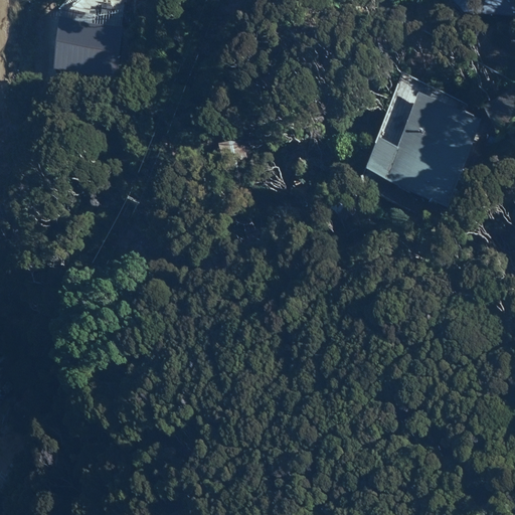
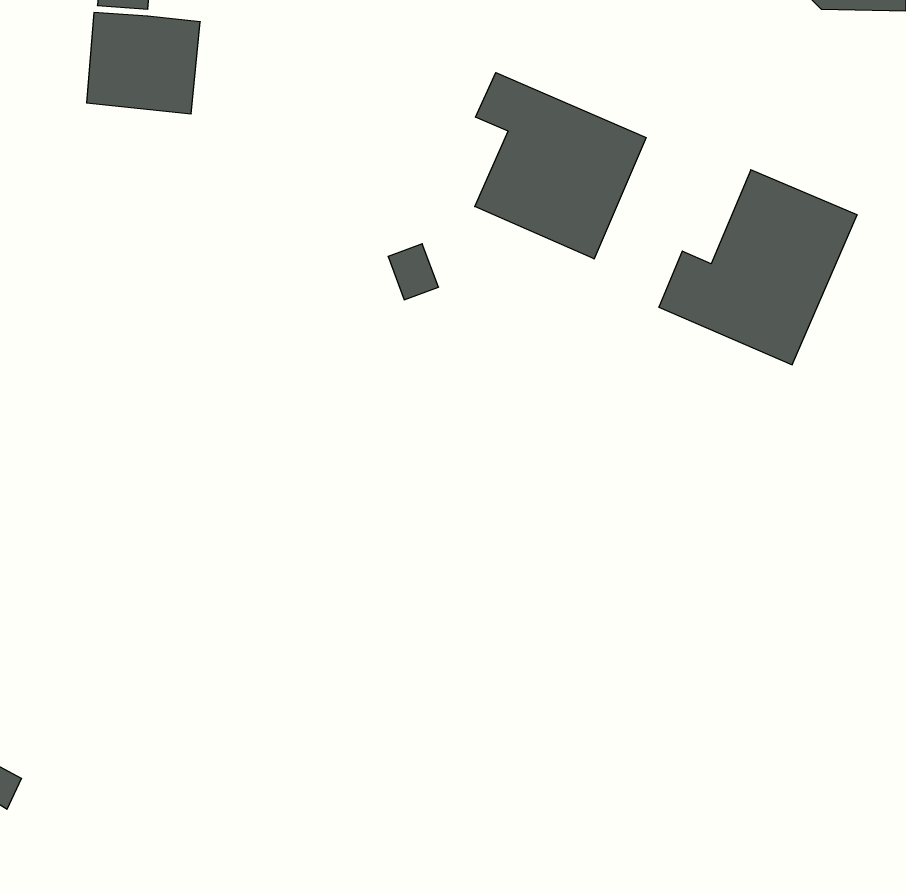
building: none -> [475,73,646,259]

